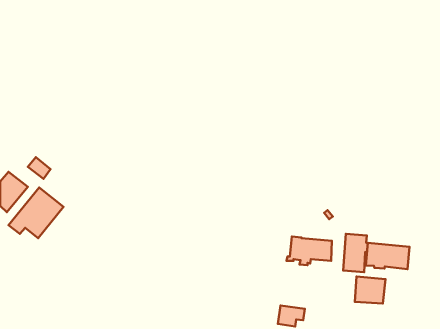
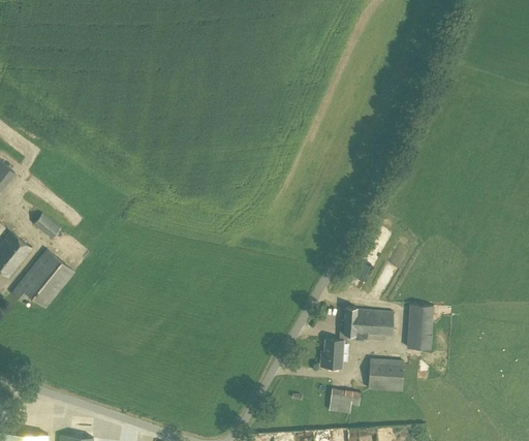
building: [366,243,409,269] -> none
building: none -> [321,336,348,367]
building: [355,277,385,304] -> [369,358,405,390]

